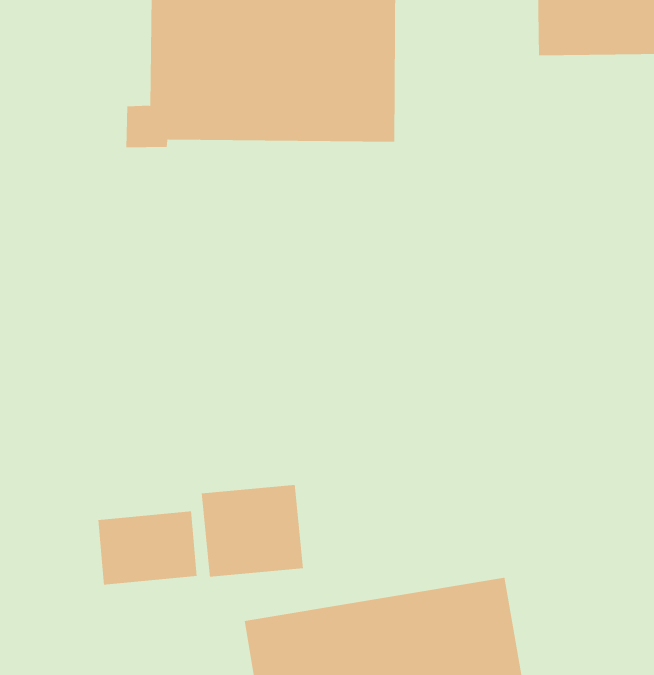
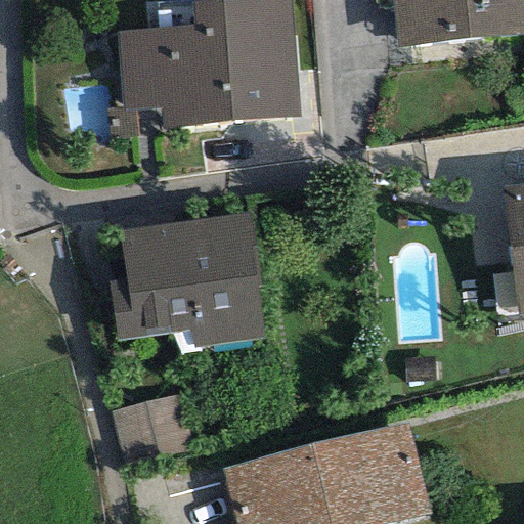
building: none -> [110,213,266,347]
building: [201,484,304,578] -> none

